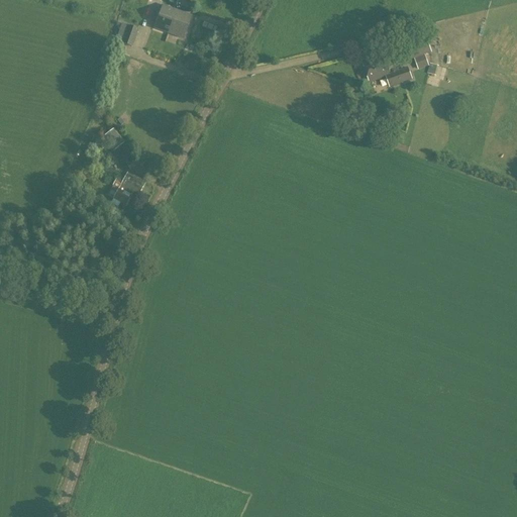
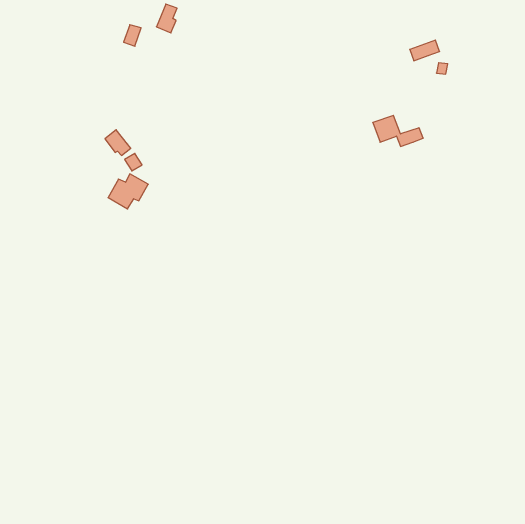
building: [169,8,192,37] -> none
building: [364,55,413,85] -> [373,115,423,146]

